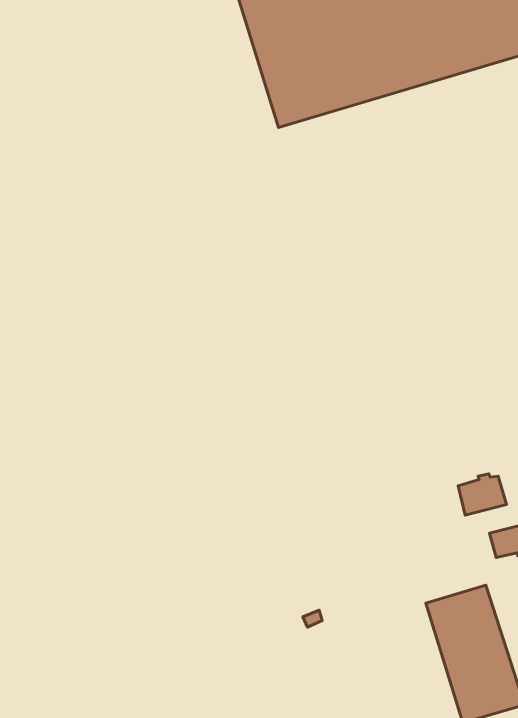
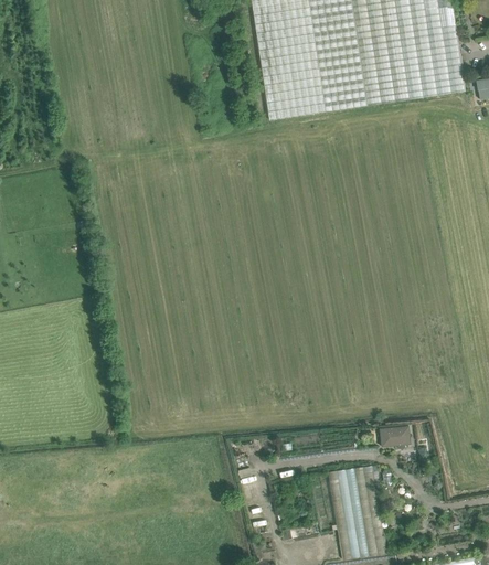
building: [458,474,507,515] -> none

